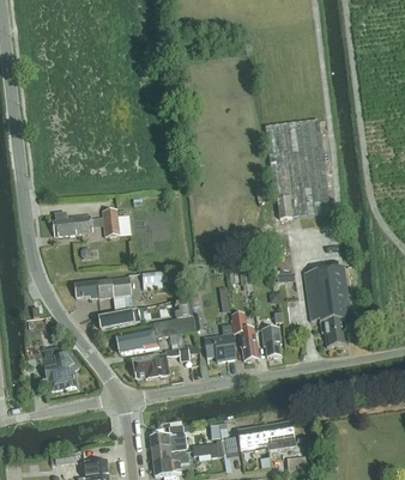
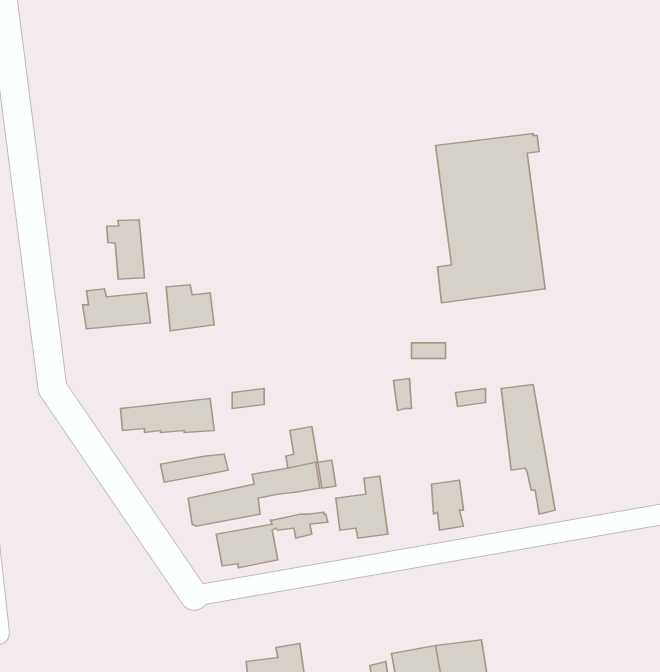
building: none -> [107,220,144,279]
building: [322,265,350,344] -> none
building: [230,312,258,359] -> none
building: [43,344,78,389] -> none

